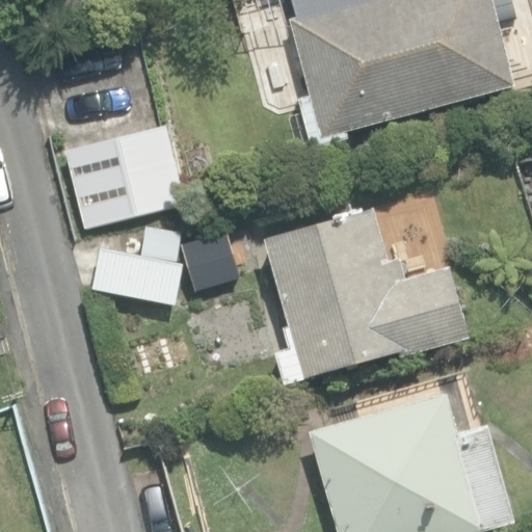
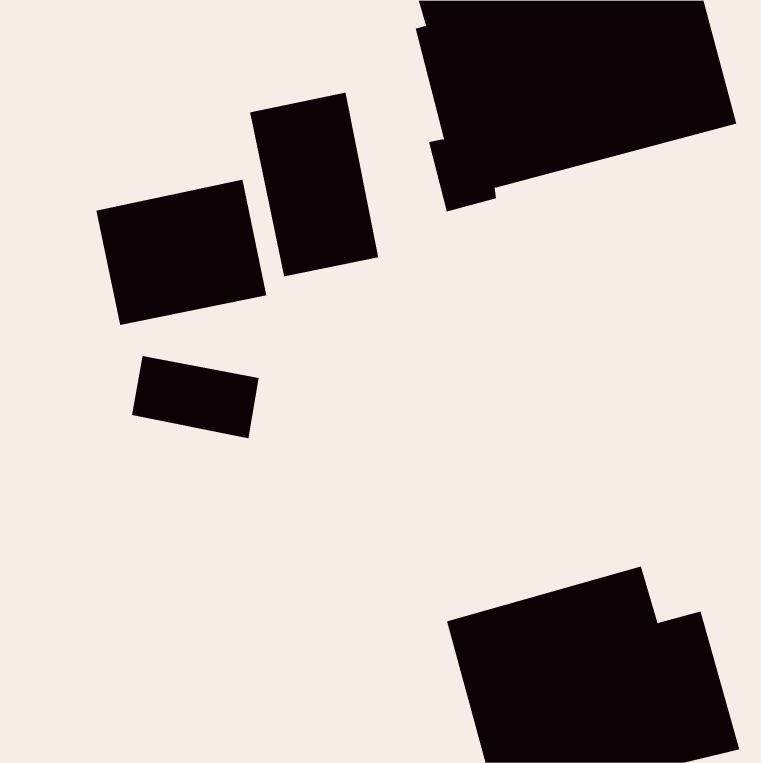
building: none -> [250,92,379,277]
building: [265,210,468,383] -> none

